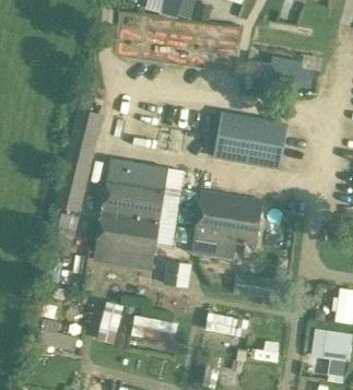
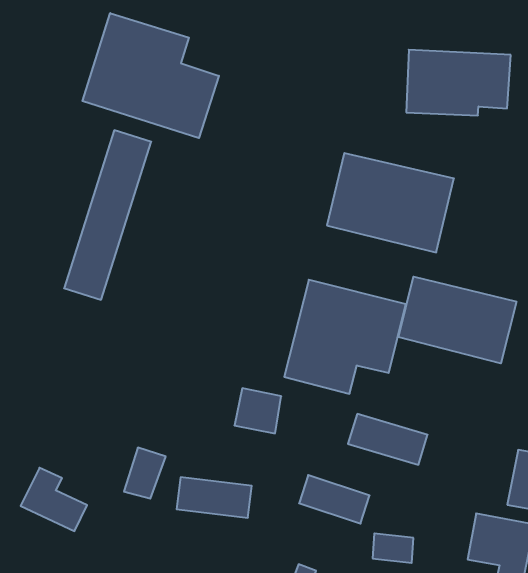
building: none -> [82,13,219,138]
building: [94,159,168,273] -> none
building: none -> [398,277,516,363]

